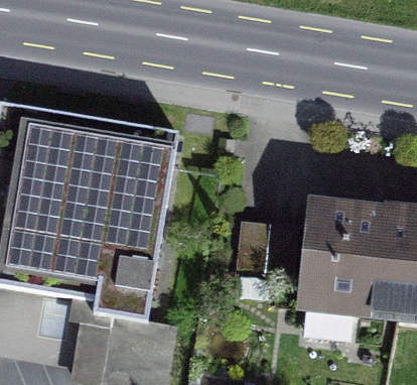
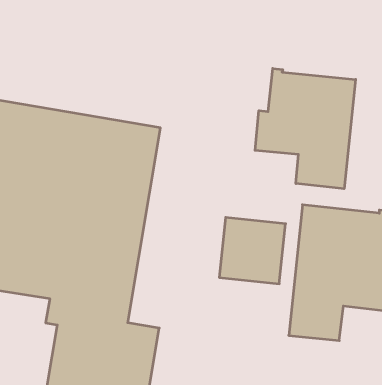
building: none -> [255,68,356,189]

